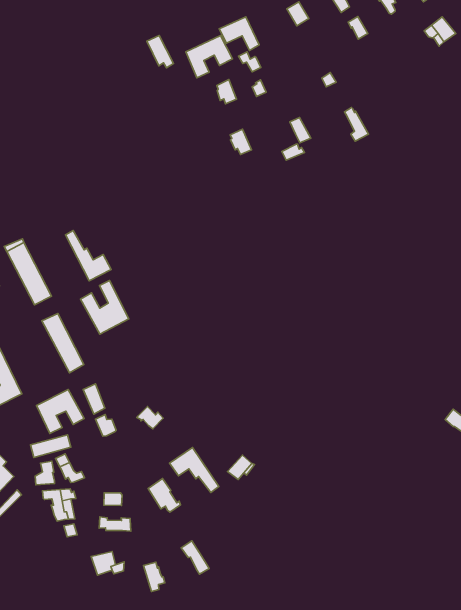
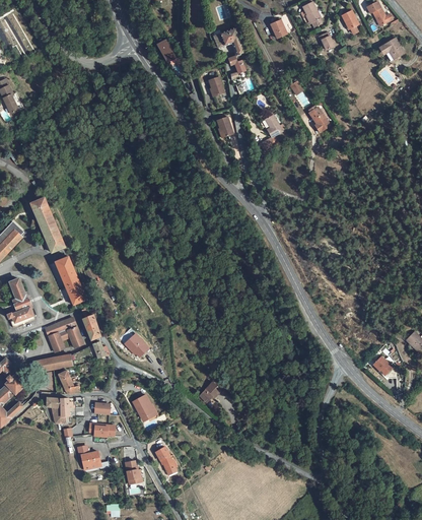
building: [186,35,233,78] -> none
building: [66,231,111,281] -> none
building: [81,281,129,334] -> none
building: [169,448,219,493] -> none

